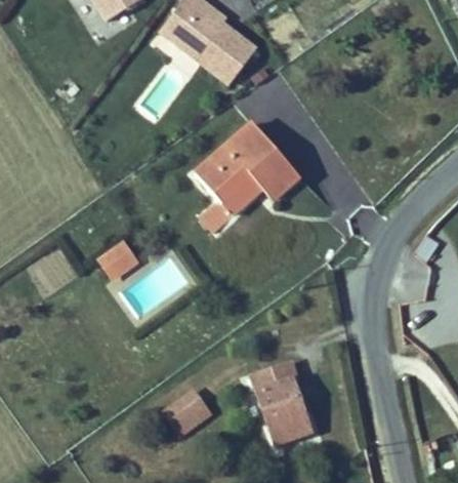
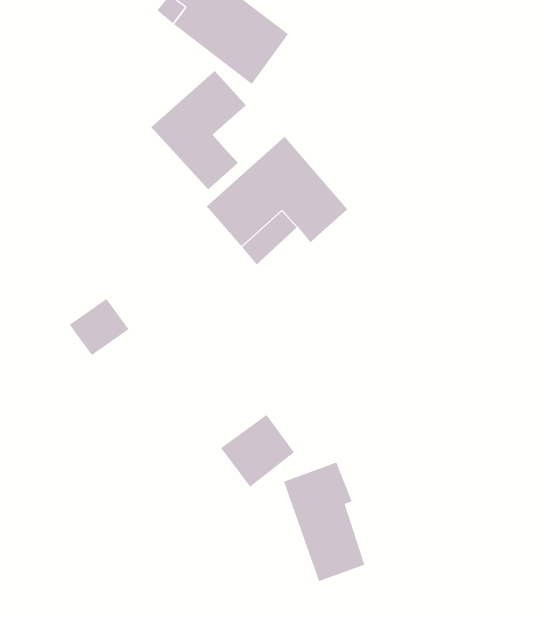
building: none -> [151,70,247,190]
building: [160,386,214,439] -> [220,414,295,488]

